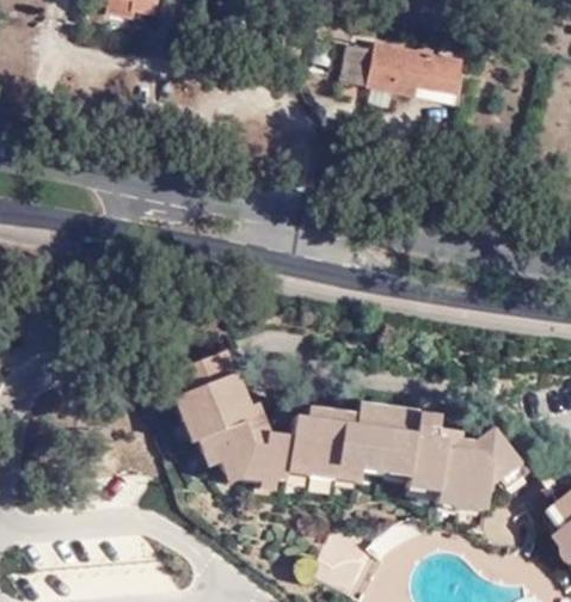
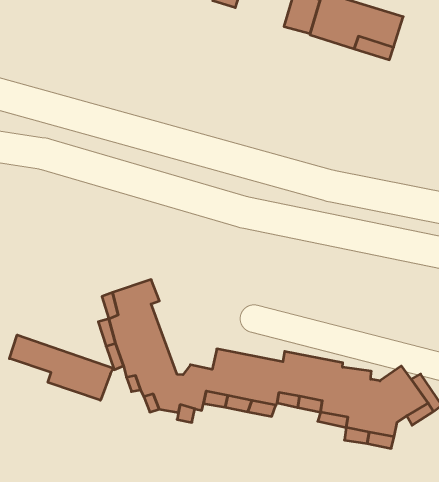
building: none -> [9,335,113,400]

